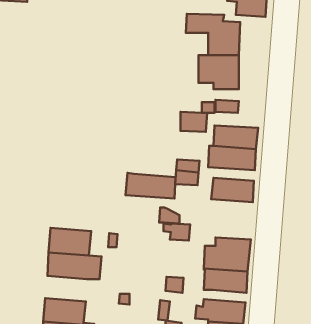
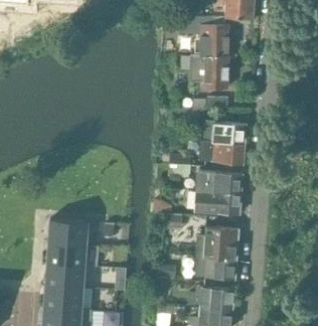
building: [125,173,175,198] -> [194,191,242,215]
building: none -> [45,265,85,289]

